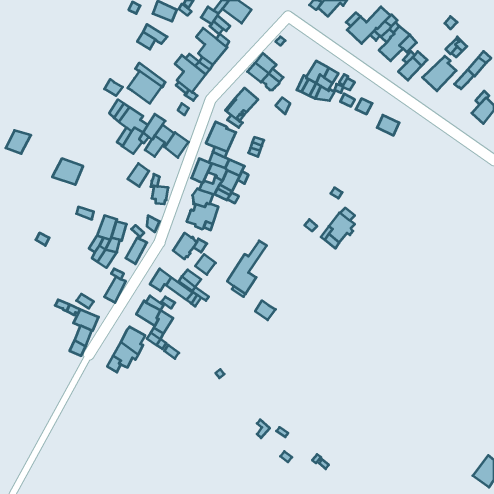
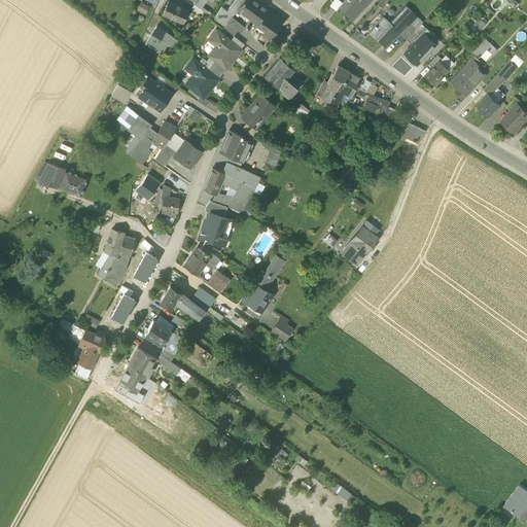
building: none -> [254,10,282,39]
building: none -> [477,87,505,117]
building: [6,130,31,154] -> [39,164,66,188]

